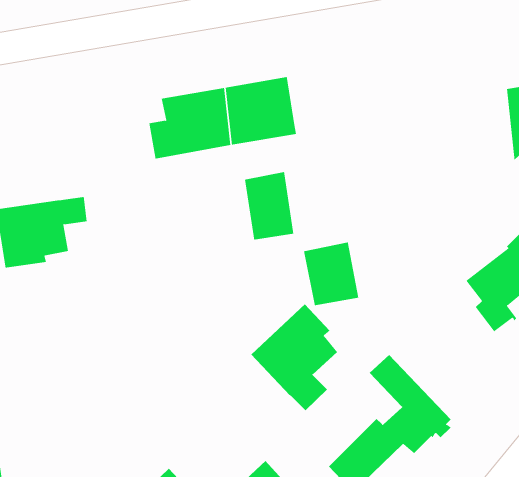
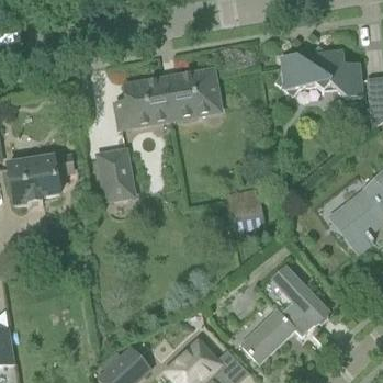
building: none -> [274,44,363,97]
building: [244,172,294,240] -> [98,148,133,196]
building: [250,304,338,411] -> none

